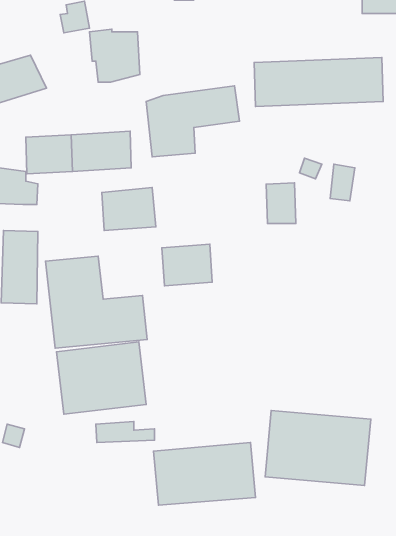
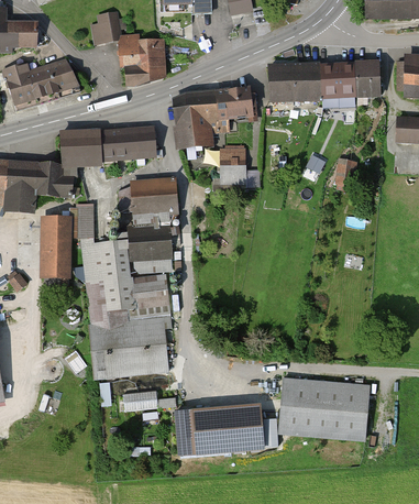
building: [266,183,296,223] -> [219,146,245,183]
building: none -> [78,200,93,237]
building: [162,244,212,286] -> [128,226,173,263]

